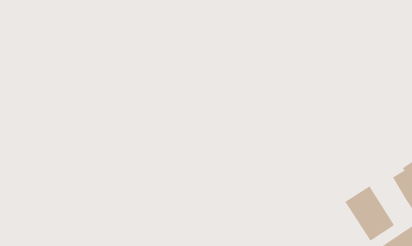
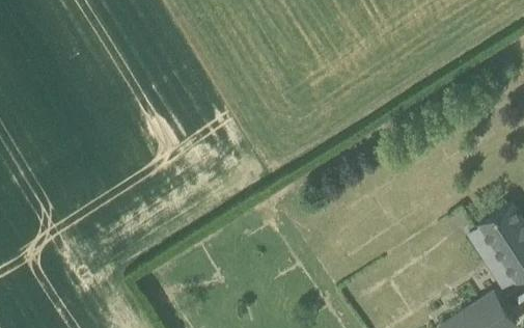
building: [344,186,395,241] -> none

